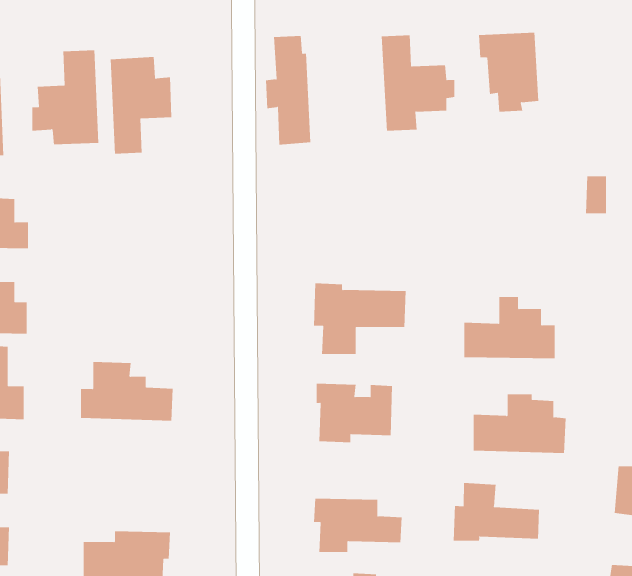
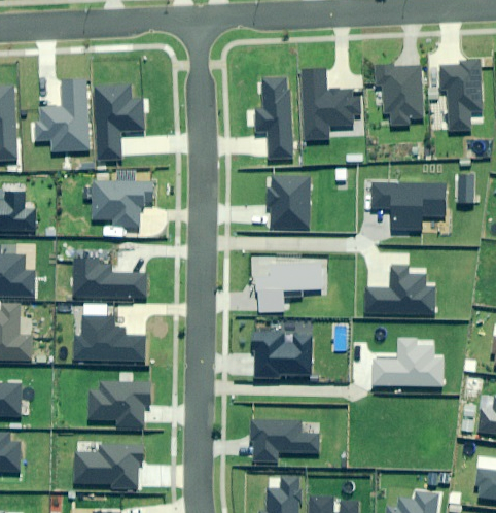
building: none -> [439,60,481,130]
building: [265,36,311,145] -> [257,75,292,159]
building: none -> [269,175,310,229]
building: none -> [94,180,152,227]
building: none -> [374,182,445,230]
building: none -> [74,259,146,297]
building: none -> [90,380,151,426]
building: [453,482,540,542] -> none

